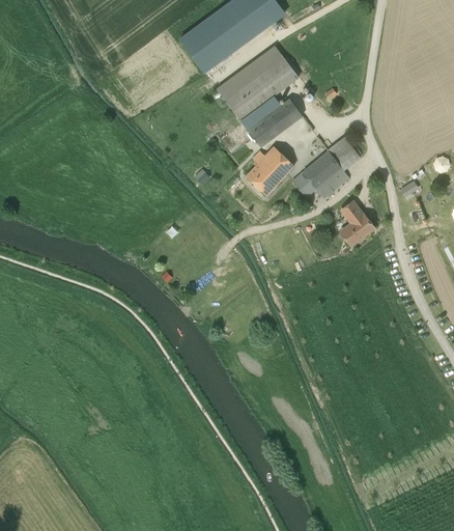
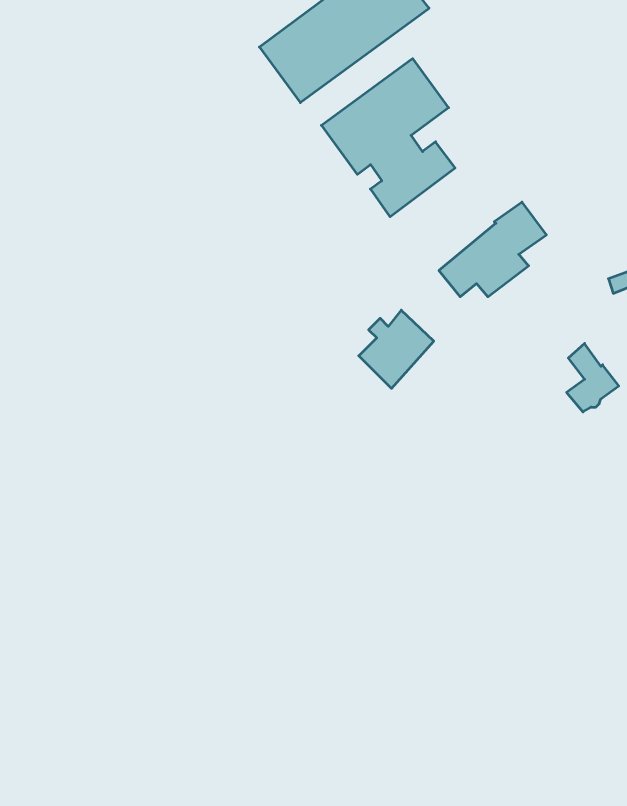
building: [246,146,293,196] -> [359,310,434,388]
building: [340,201,373,245] -> [567,343,619,412]

